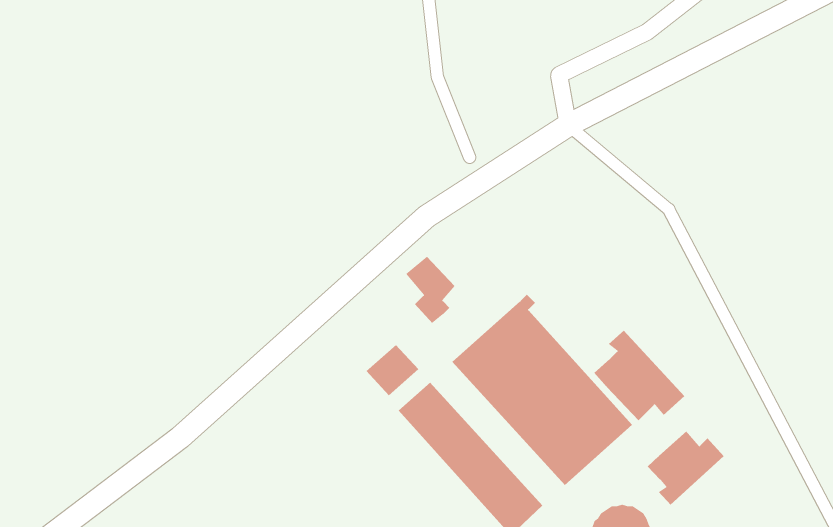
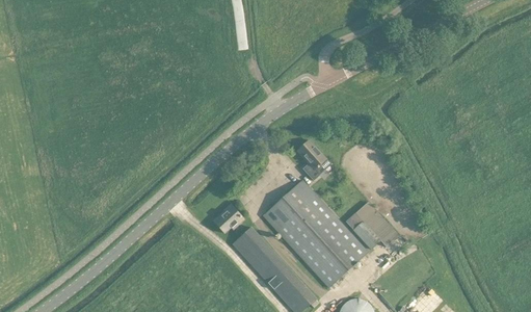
building: [405,256,456,324] -> [297,140,326,180]
building: [647,431,724,506] -> none

